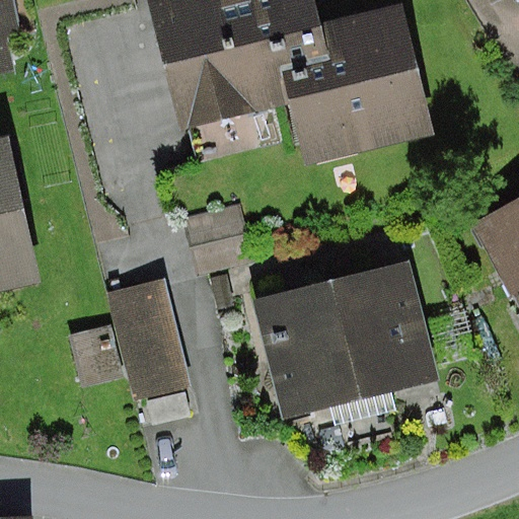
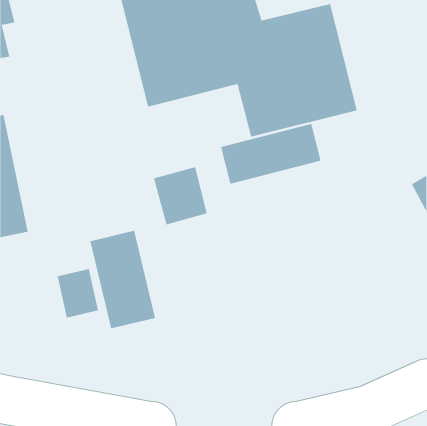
building: none -> [221,123,321,185]
building: [277,258,458,412] -> none

